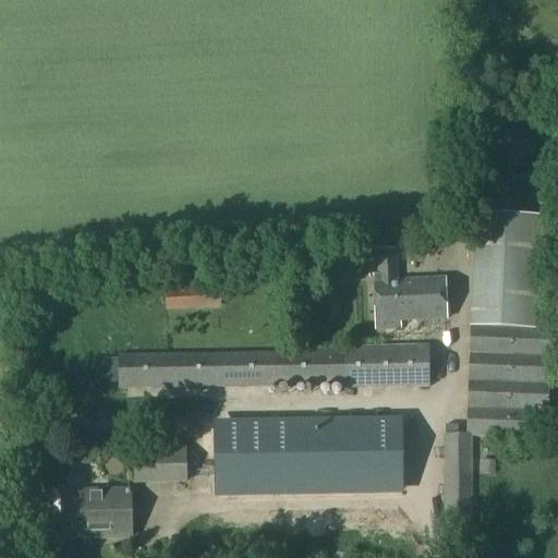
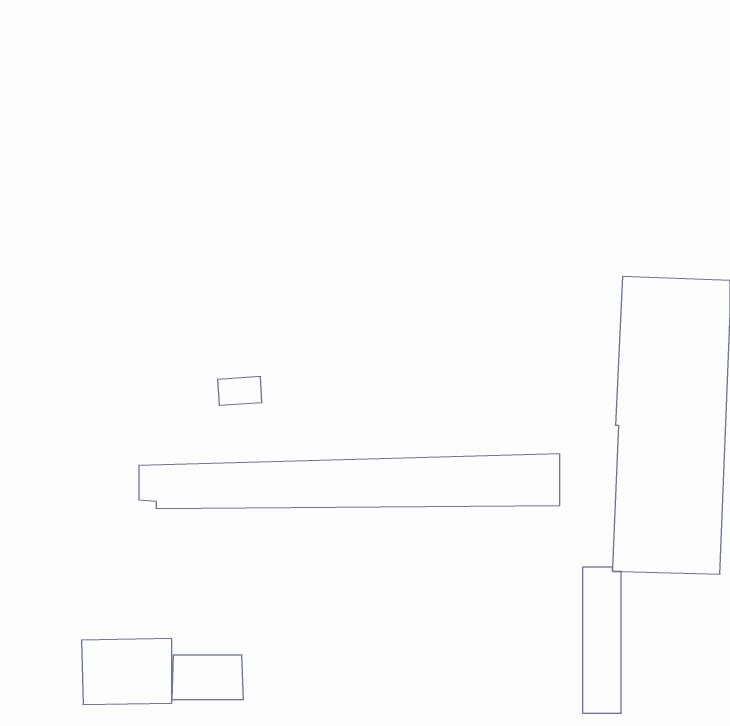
building: [374,247,446,327] -> none
building: [217,417,401,492] -> none
building: [133,447,187,481] -> [172,655,243,700]

